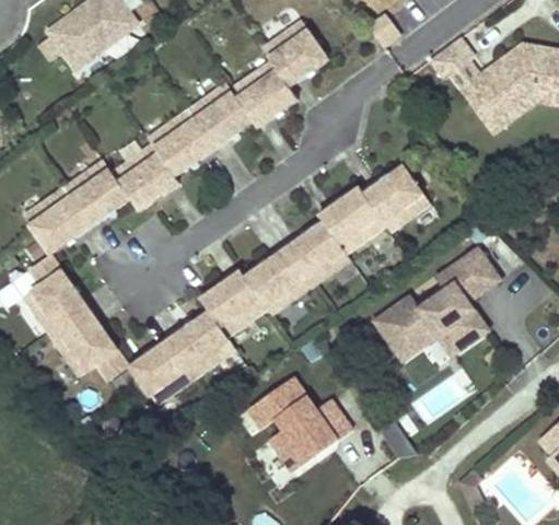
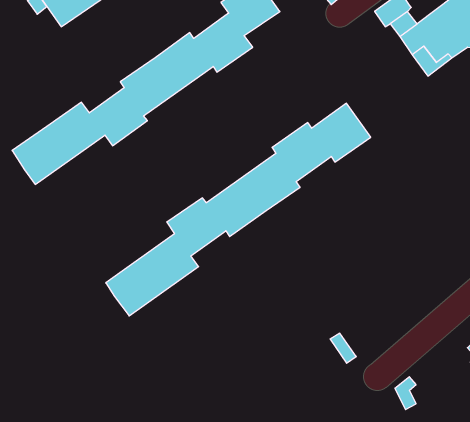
building: [376,242,506,357] -> none
building: [24,255,130,381] -> none
building: [246,378,351,474] -> none

